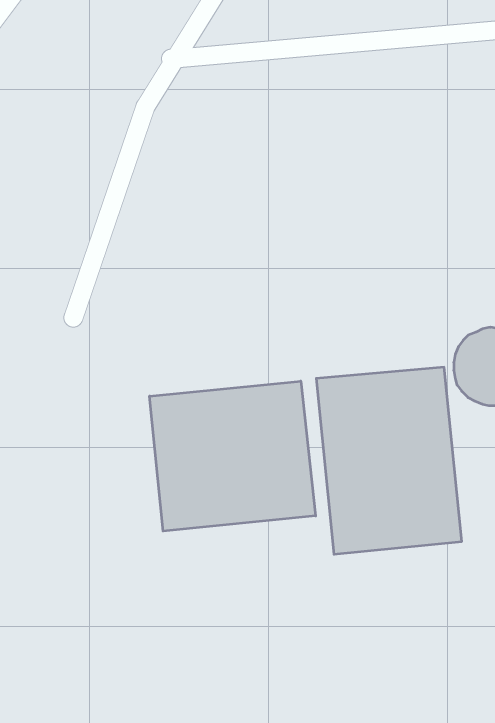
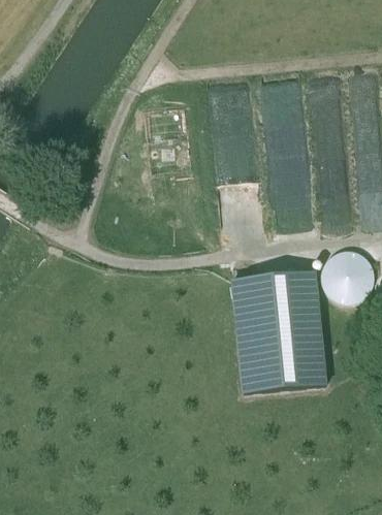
building: [150,381,316,531] -> none

